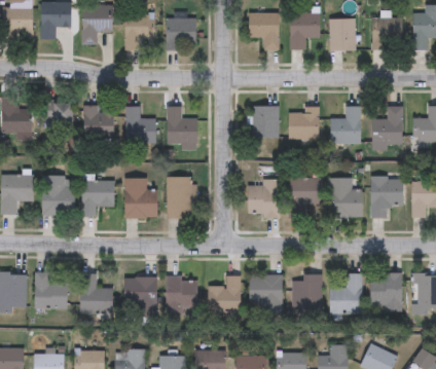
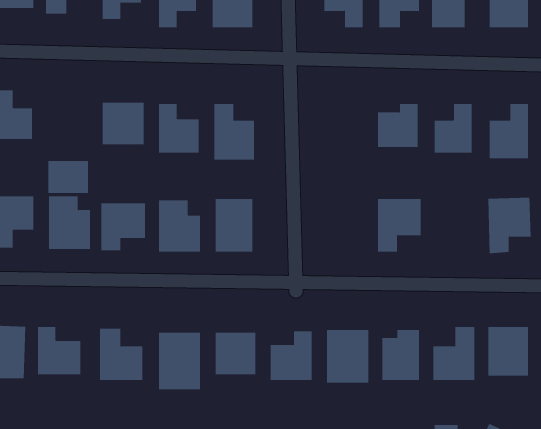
building: [42,100,73,124] -> [47,161,89,194]
building: [251,107,278,139] -> none
building: [329,178,362,218] -> none
building: [248,182,279,216] -> none

